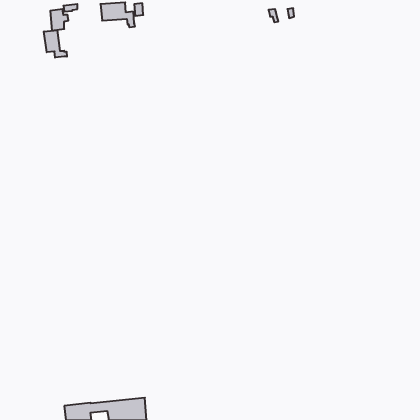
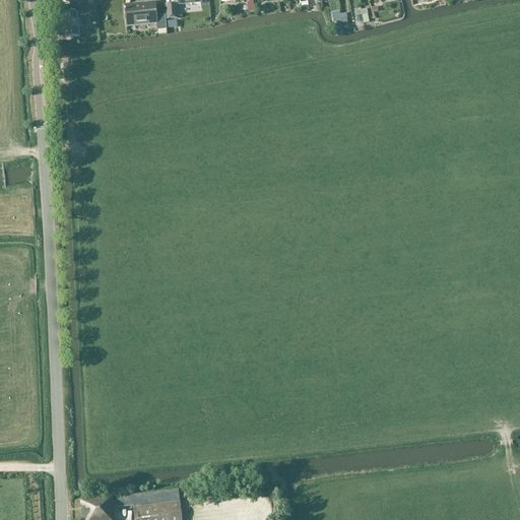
building: [44,30,67,58] -> none

